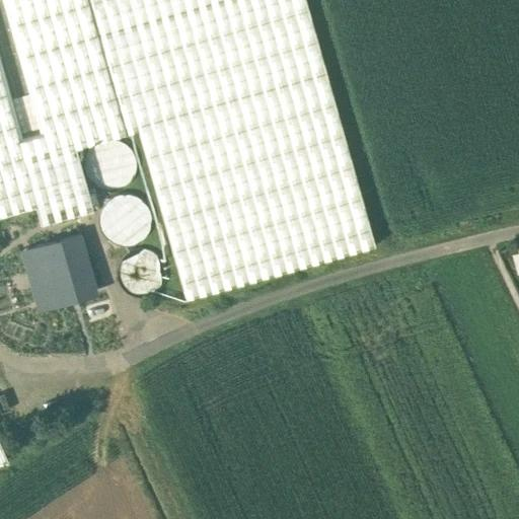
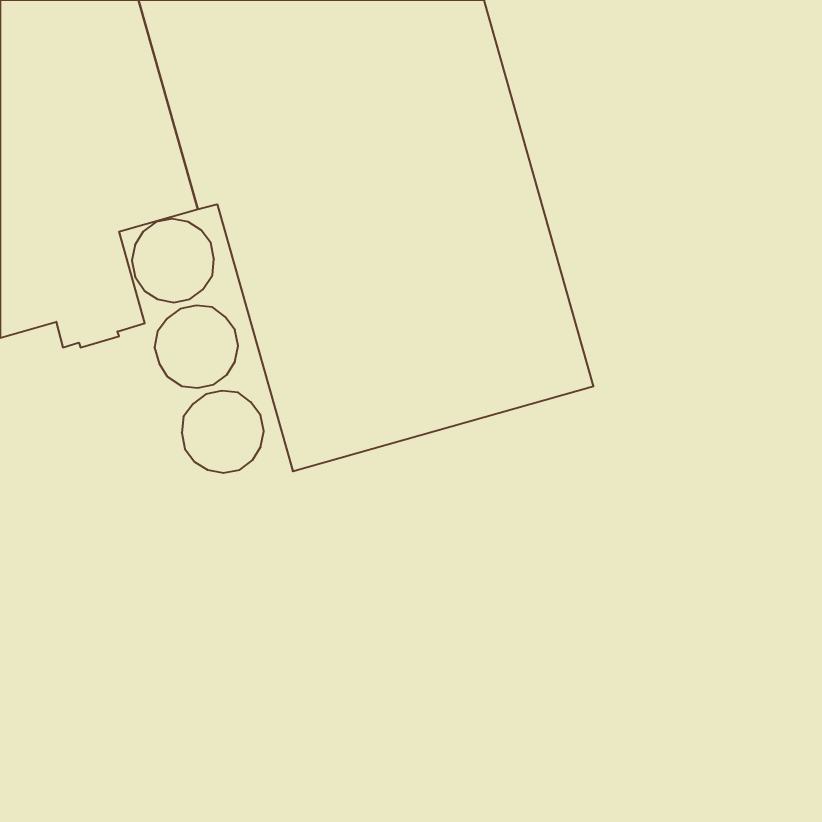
building: [19,231,98,309] -> none

